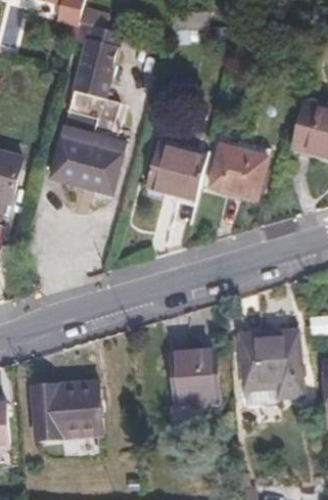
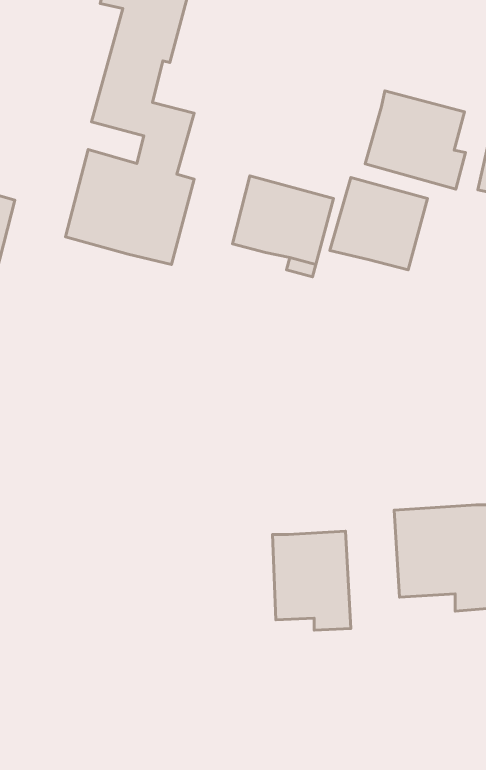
building: none -> [365,91,466,189]
building: [31,381,99,439] -> none

